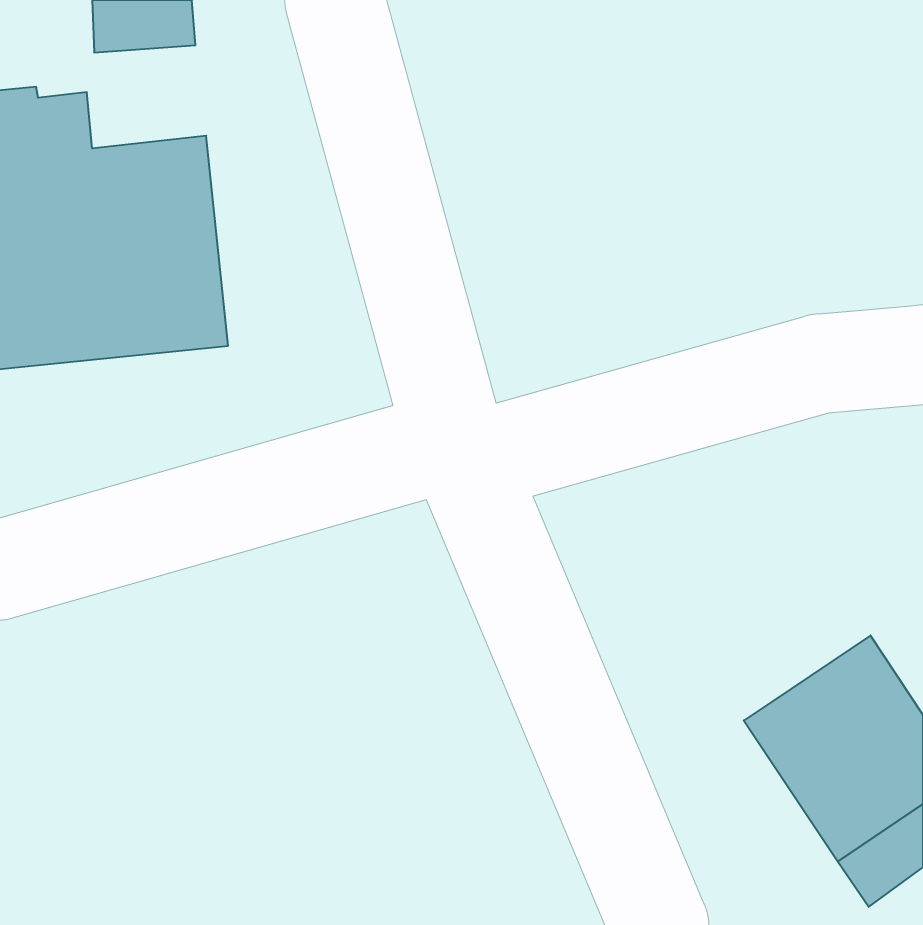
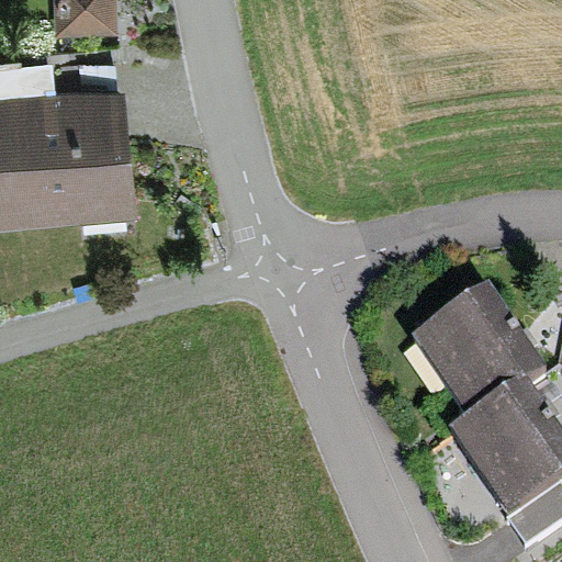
building: none -> [412,292,544,426]

